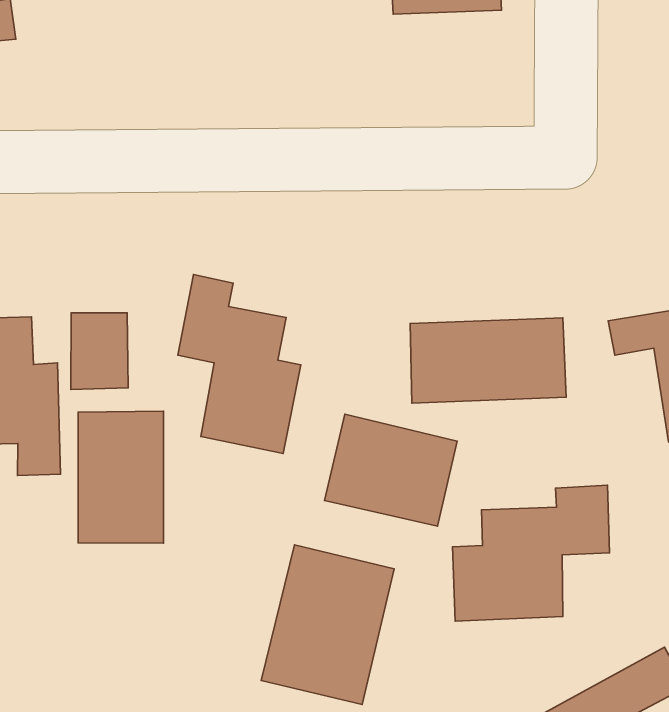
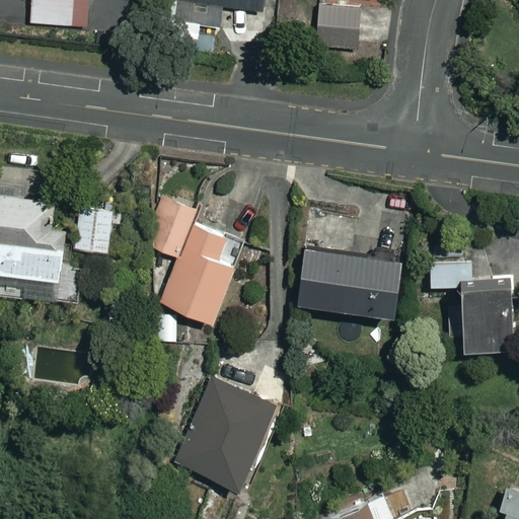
building: [78,411,164,543] -> none
building: [324,414,457,526] -> none
building: [452,485,610,621] -> none

